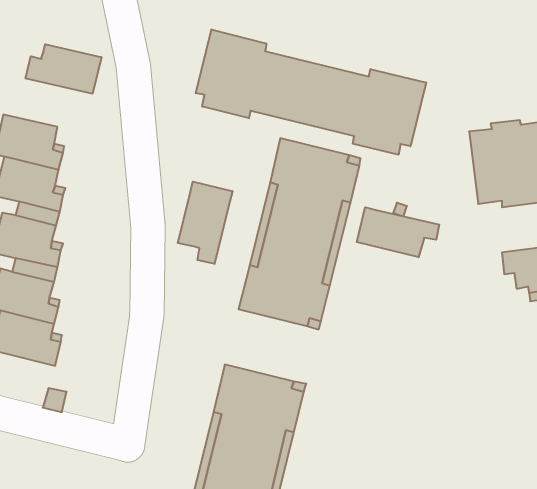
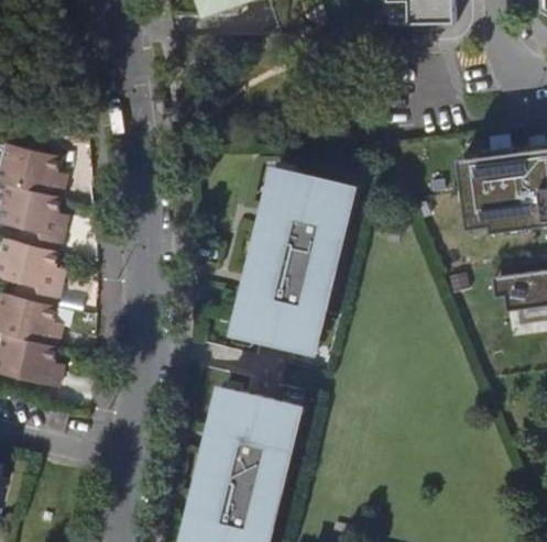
building: [196,29,426,155] -> none
building: [26,44,101,94] -> none
building: [178,182,233,264] -> none
building: [357,207,439,257] -> none

